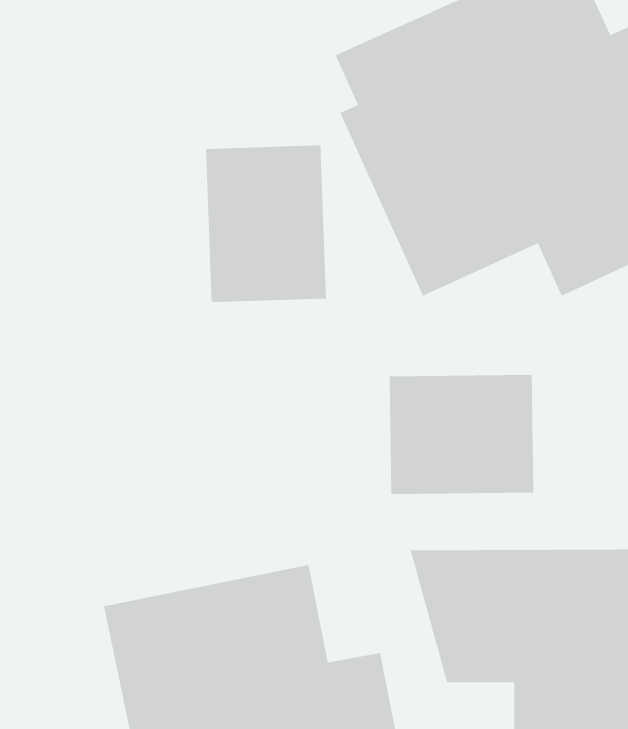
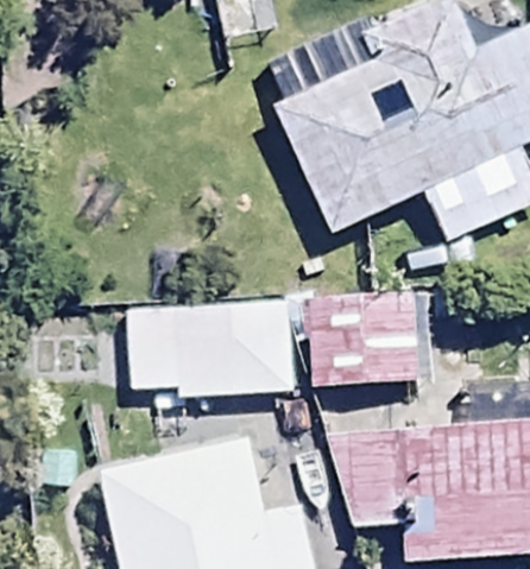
building: [206,145,326,303] -> none
building: none -> [124,296,291,398]

